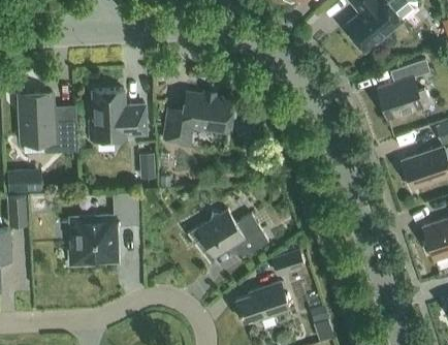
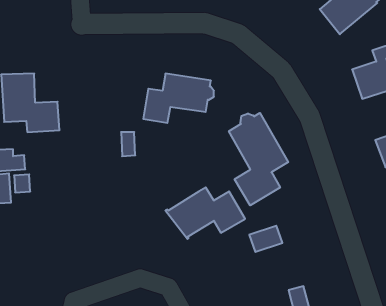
building: [90,90,147,140] -> none
building: none -> [229,113,288,205]
building: [70,193,138,265] -> none
building: [235,282,290,322] -> none

